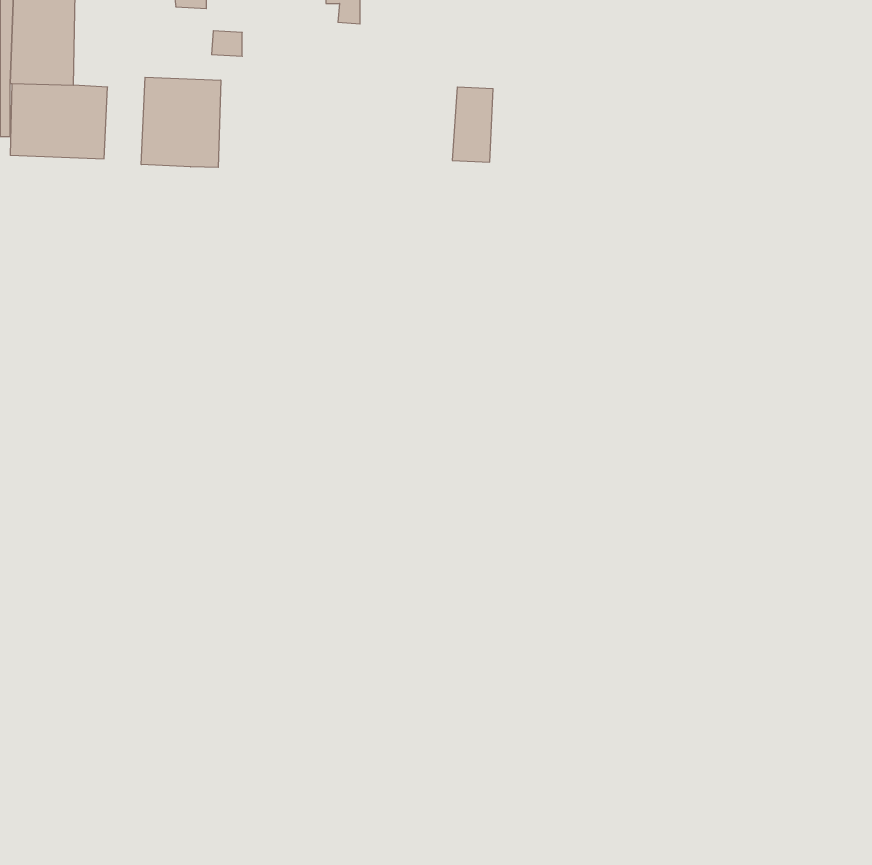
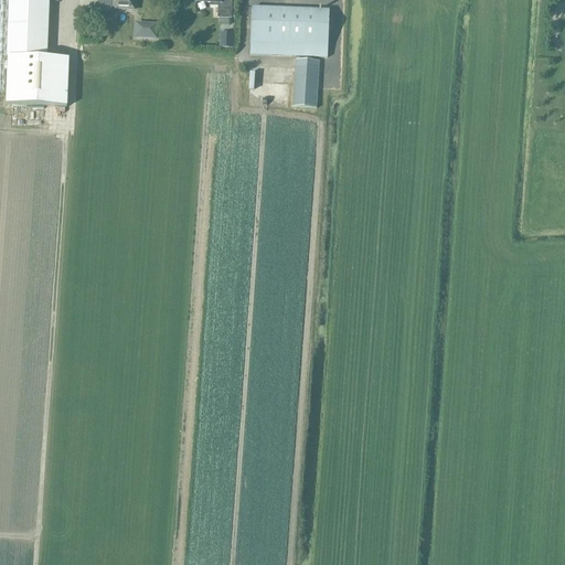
building: none -> [249,4,329,54]
building: [141,77,221,167] -> none

